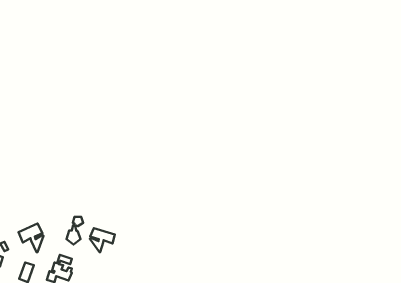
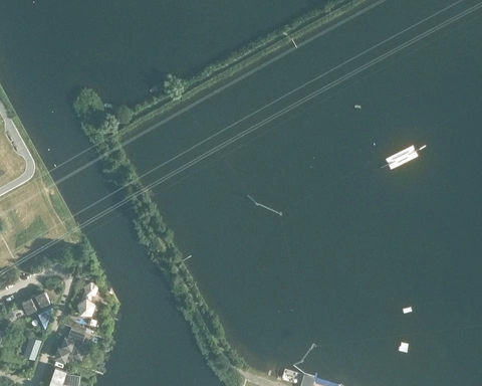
building: [90,228,115,252] -> none

